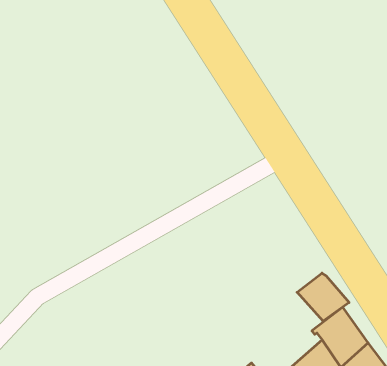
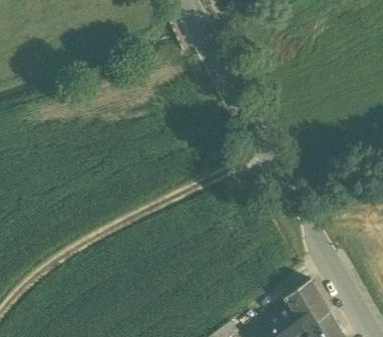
building: [297,273,349,321] -> none

